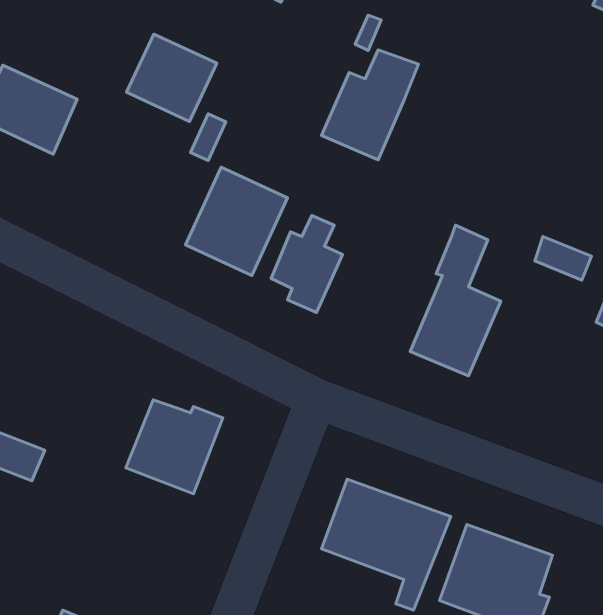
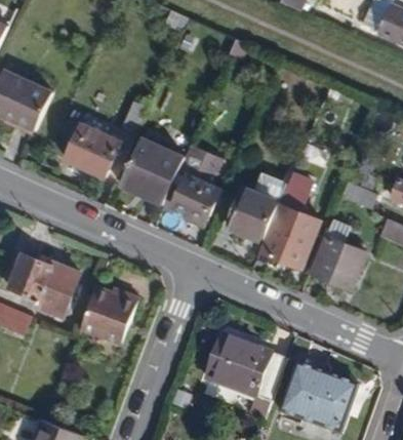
building: [126,34,217,121] -> [62,122,119,177]
building: [322,50,419,160] -> [226,172,287,242]
building: none -> [312,218,365,290]
building: none -> [7,254,80,316]

